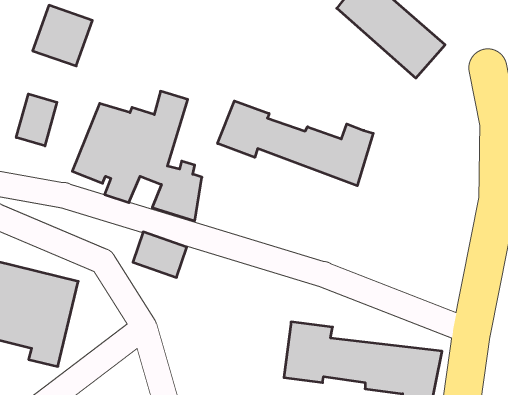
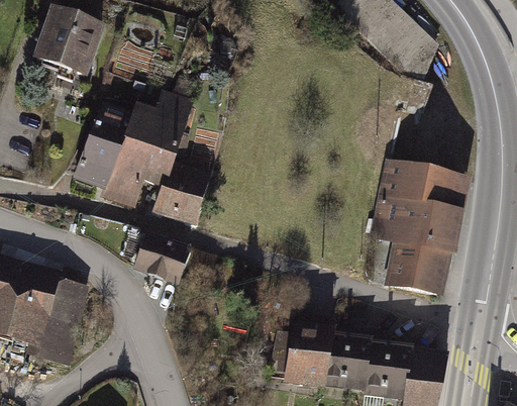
building: [16,94,57,146] -> none
building: [218,101,373,186] -> none
building: none -> [371,155,468,298]

